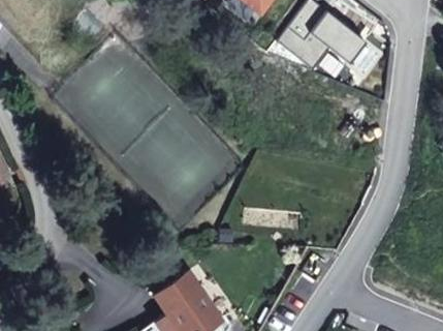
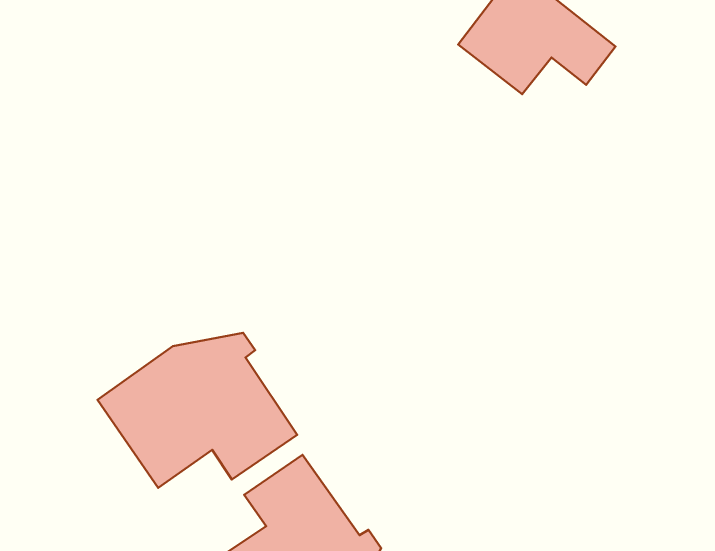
building: none -> [98,333,297,488]

